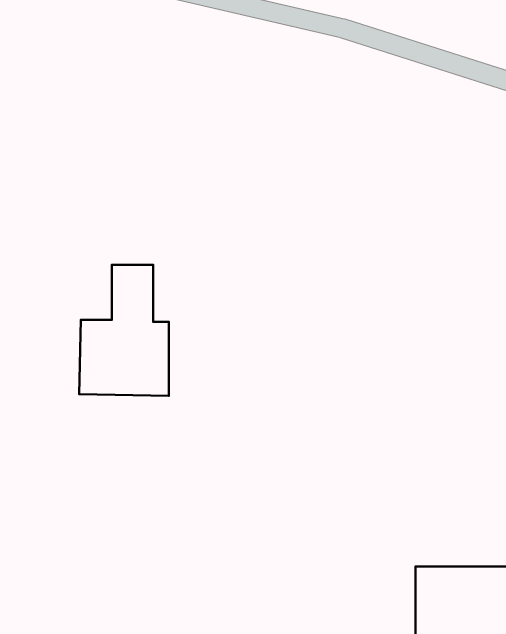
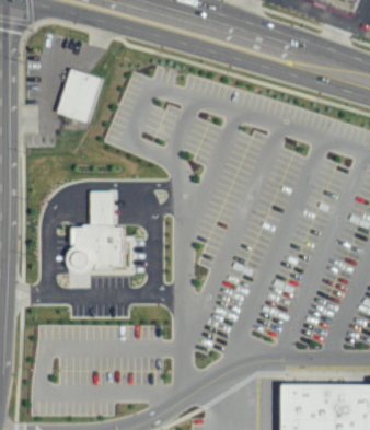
building: none -> [55,68,102,123]

